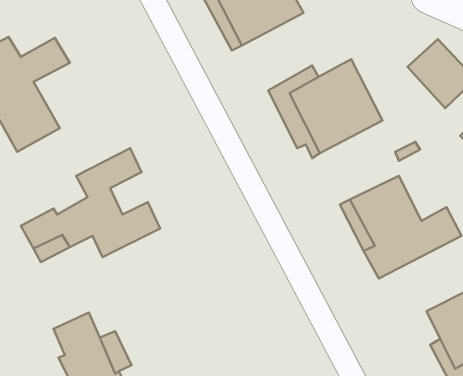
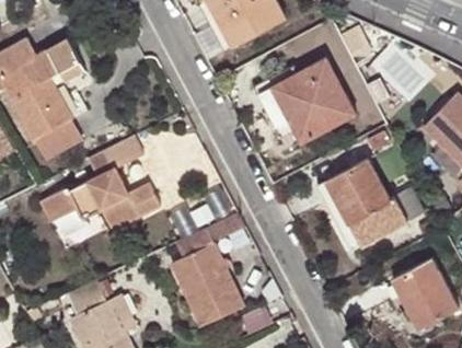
building: none -> [35,118,84,159]
building: none -> [170,228,243,326]

